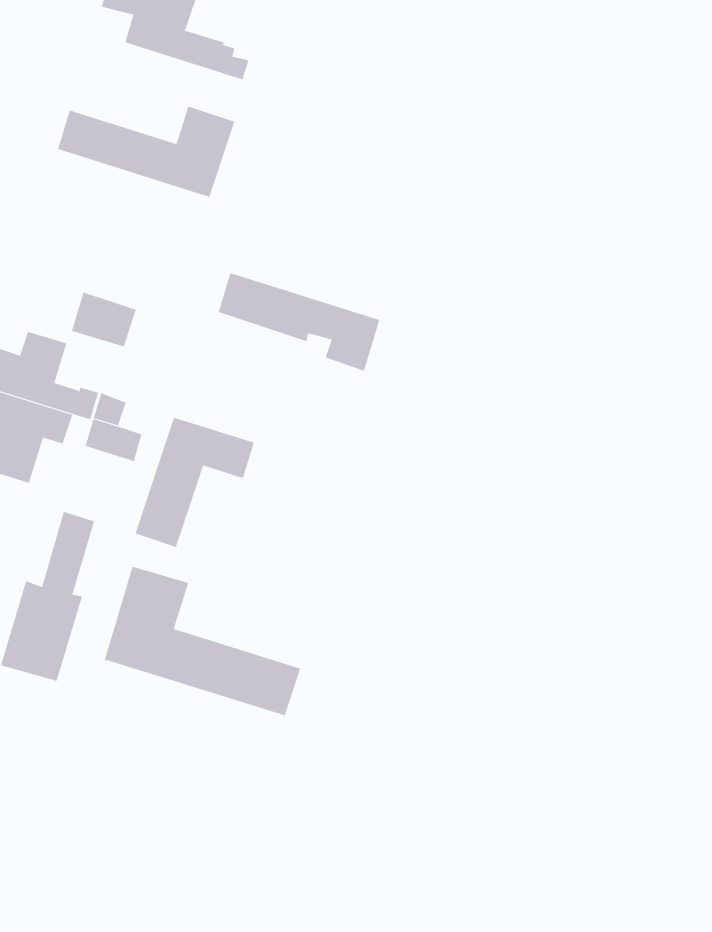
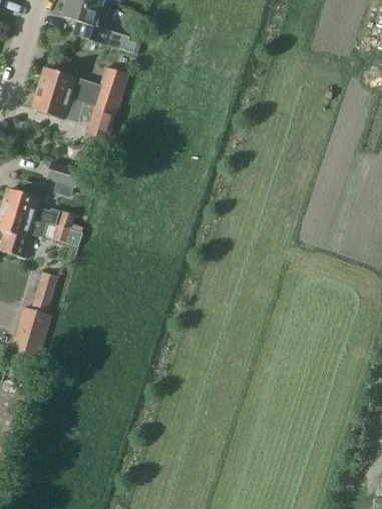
building: [218,272,380,371] -> [33,88,115,138]
building: [135,416,255,548] -> none
building: [104,566,301,716] -> none

